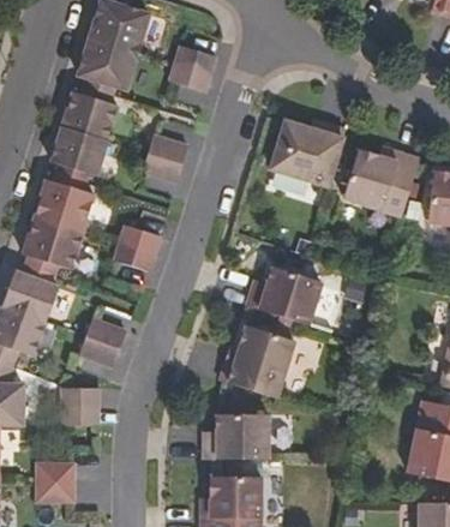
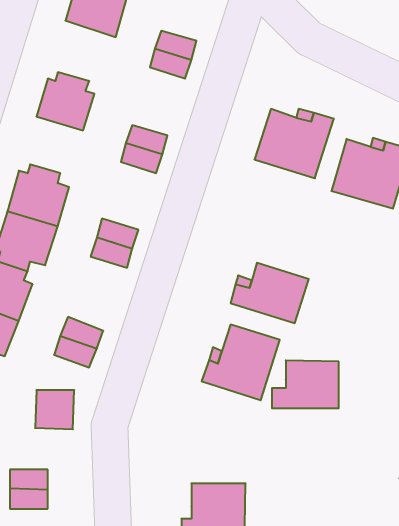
building: [77,36,137,94] -> none
building: [50,127,106,181] -> none
building: [203,413,266,459] -> [272,360,339,408]

